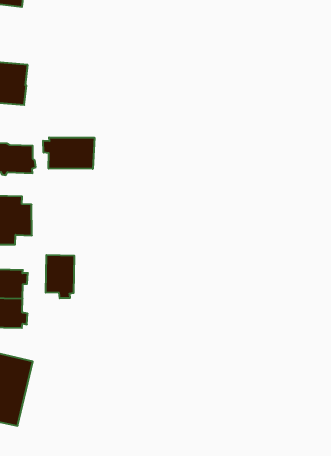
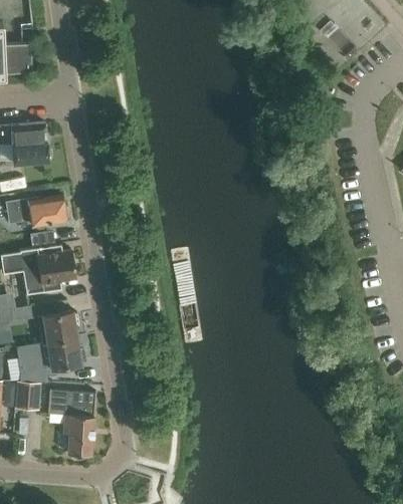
building: [43,137,94,169] -> none
building: [46,255,74,298] -> none

